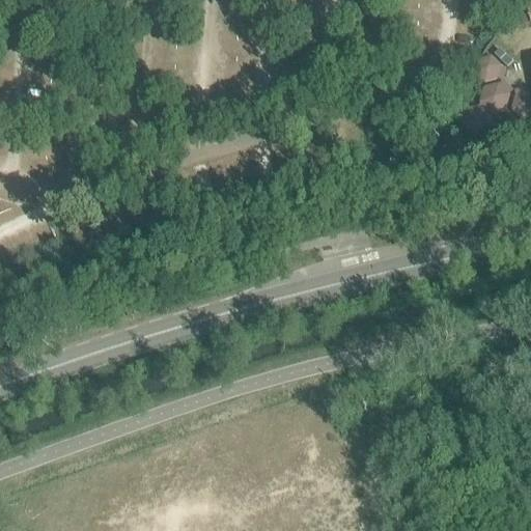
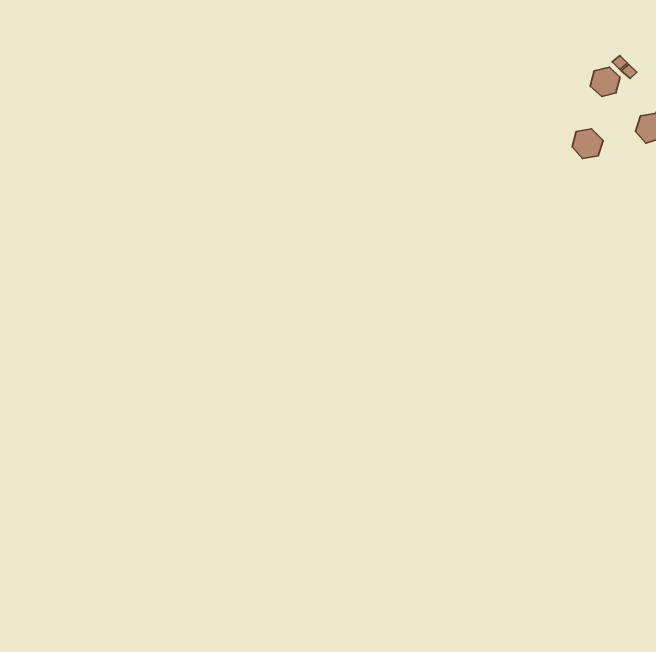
building: [483,82,510,109] -> none

